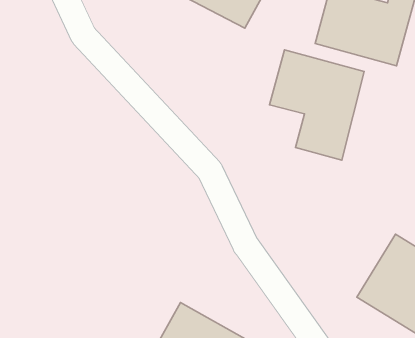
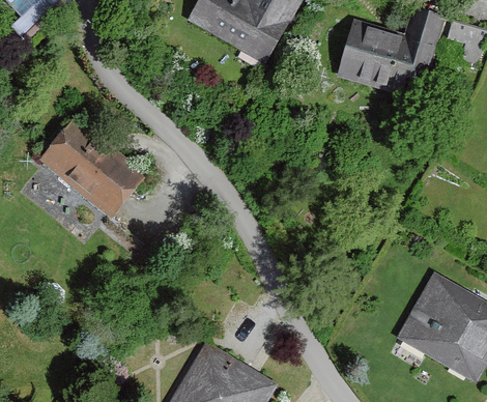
building: [269,50,364,160] -> none
building: none -> [40,119,144,217]

